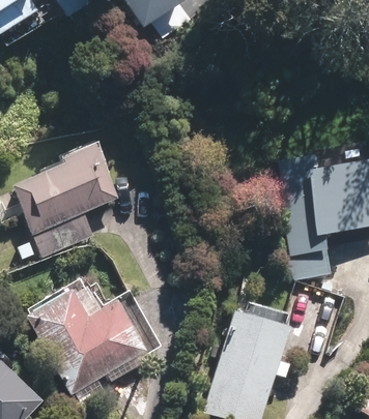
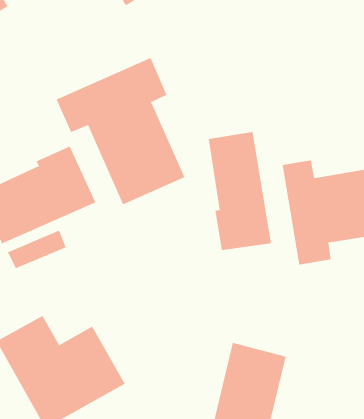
building: none -> [56,57,185,205]
building: none -> [208,131,272,251]

